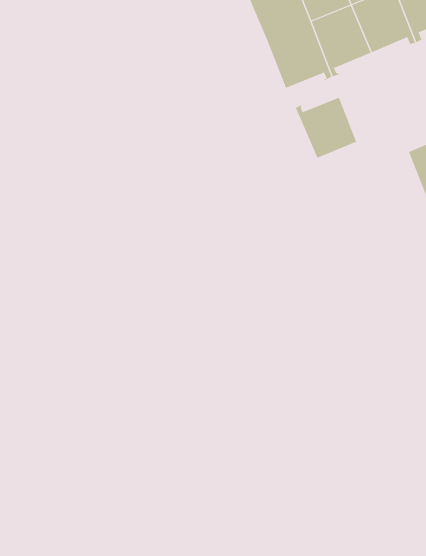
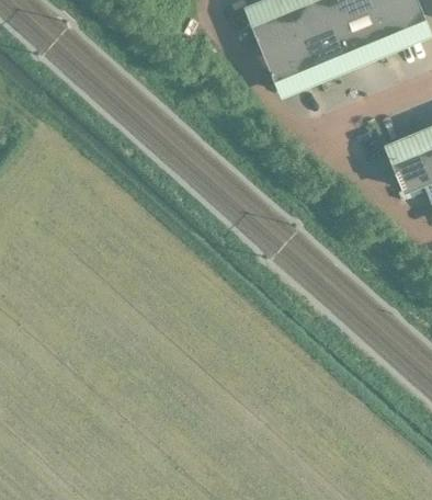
building: [295,97,357,158] -> none

